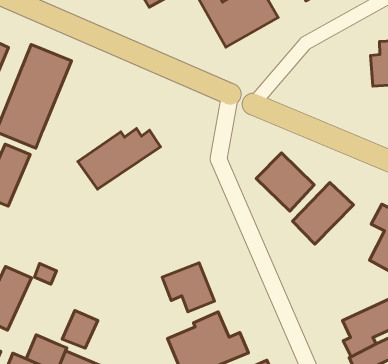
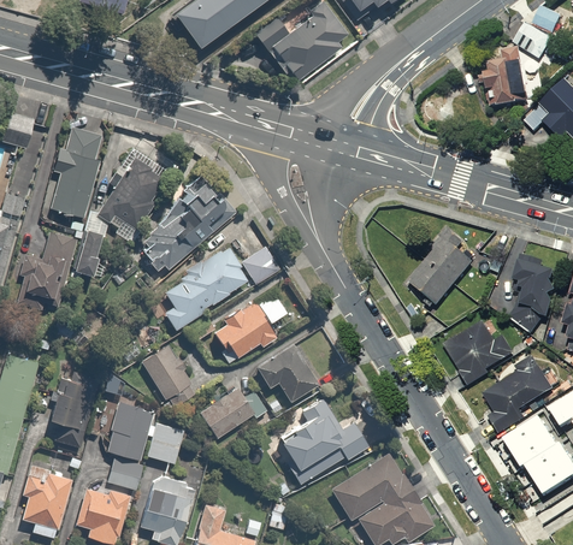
building: none -> [76,161,175,279]
building: [256,153,314,211] -> none
building: none -> [164,247,280,332]
building: none -> [213,291,291,360]
building: none -> [142,346,200,413]
building: none -> [437,318,514,383]
building: none -> [101,402,159,464]
building: none -> [203,389,273,443]

